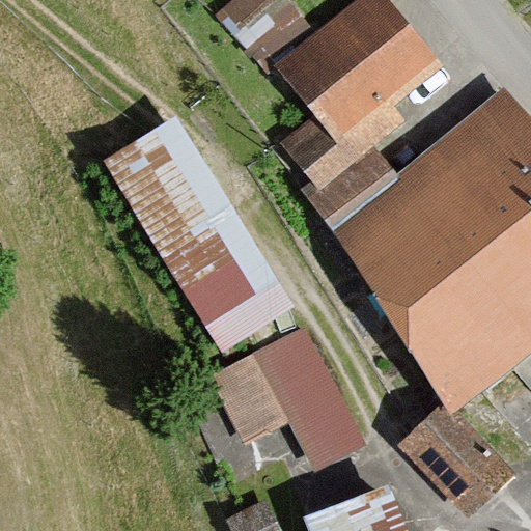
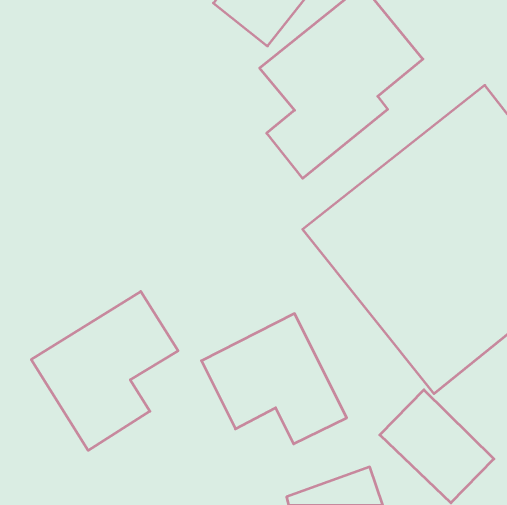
building: [100,115,292,348] -> none
building: none -> [31,291,178,450]

